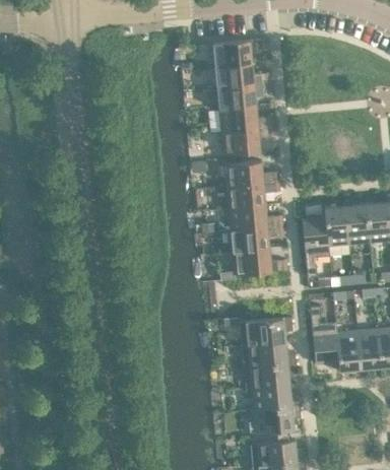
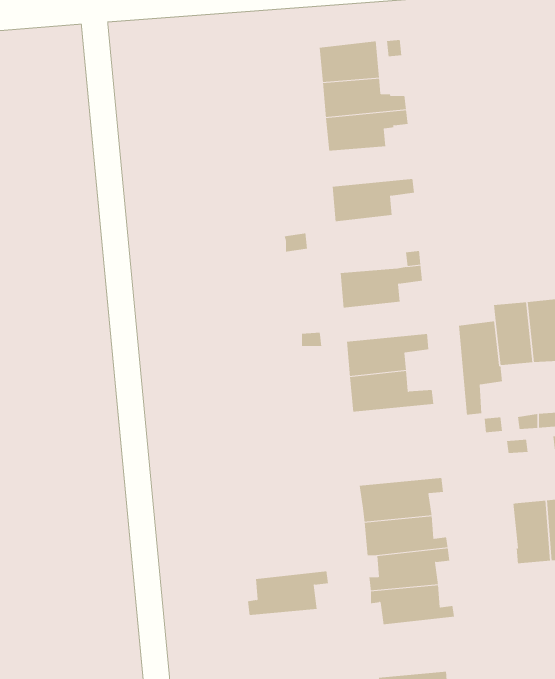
building: [219,107,273,132] -> none
building: [224,160,263,187] -> none
building: [229,205,282,230] -> none
building: [310,306,339,363] -> none
building: [249,405,301,433] -> [247,571,329,616]

